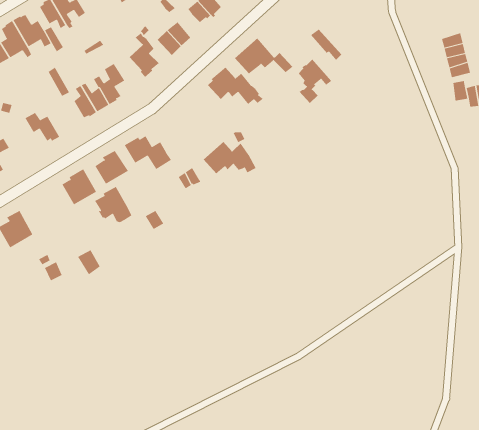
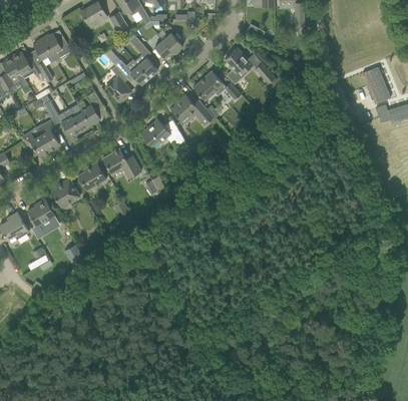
building: [298,59,332,104] -> [225,47,253,84]
building: none -> [40,118,59,151]
building: [203,141,257,174] -> [140,118,184,145]
building: [94,186,132,223] -> [27,198,58,229]

